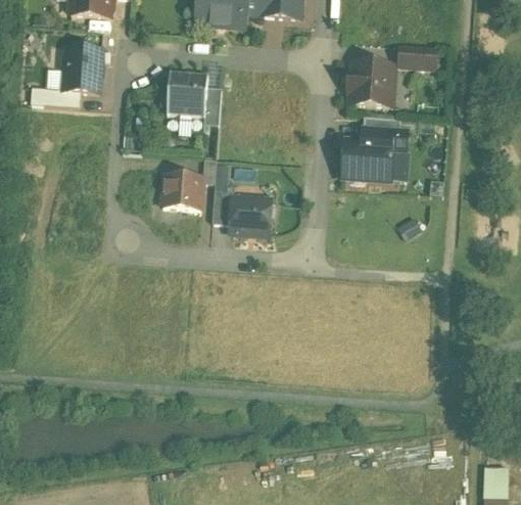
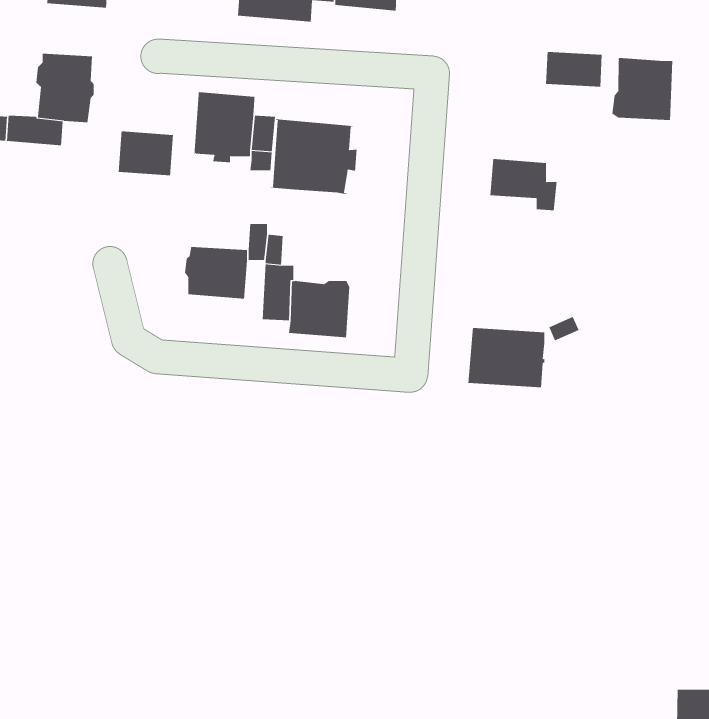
building: none -> [612,57,673,121]
building: [348,61,394,105] -> none
building: none -> [270,119,357,195]
building: none -> [118,131,174,176]
building: [342,139,393,179] -> [468,328,545,388]

